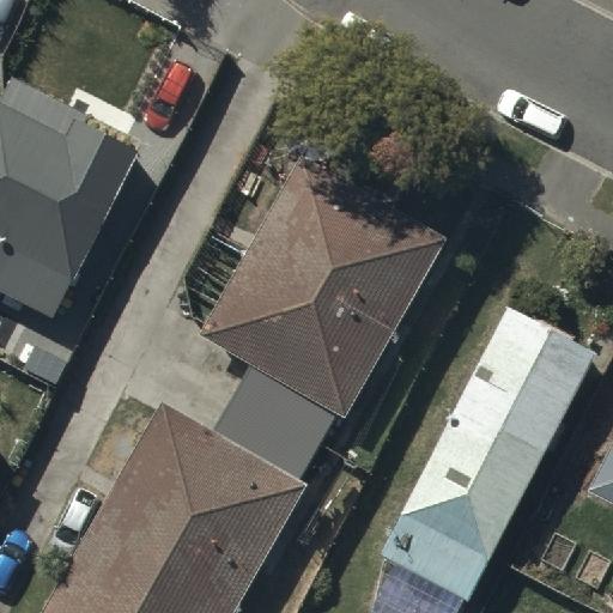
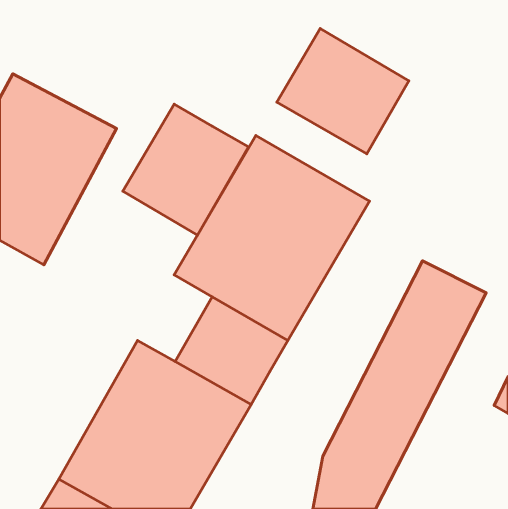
building: none -> [277,28,409,154]
building: none -> [123,104,248,235]

